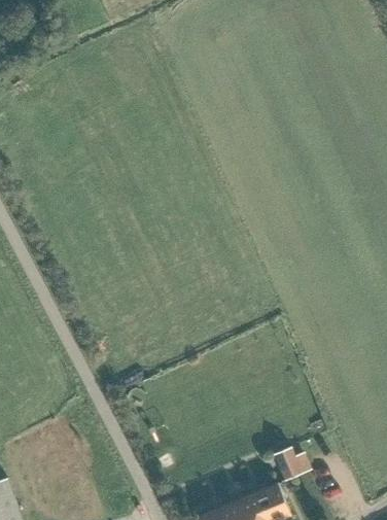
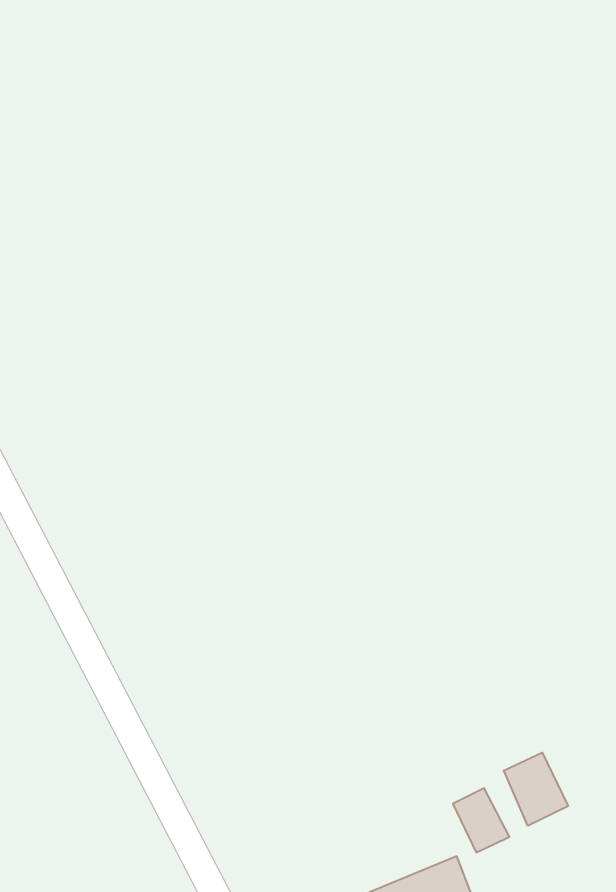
building: none -> [504,753,568,826]

